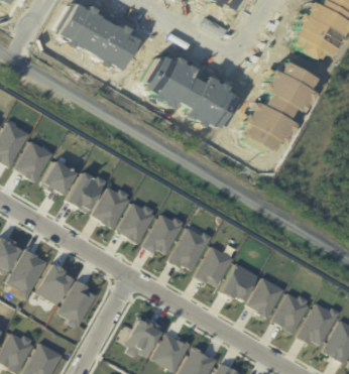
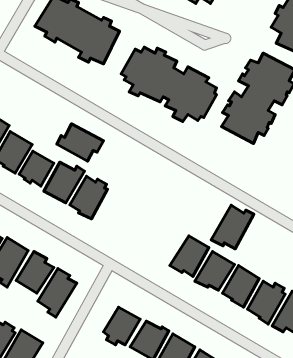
building: none -> [57,124,104,161]
building: [116,202,154,245] -> none
building: [141,213,182,255] -> none
building: [166,227,210,271] -> [211,205,254,249]

